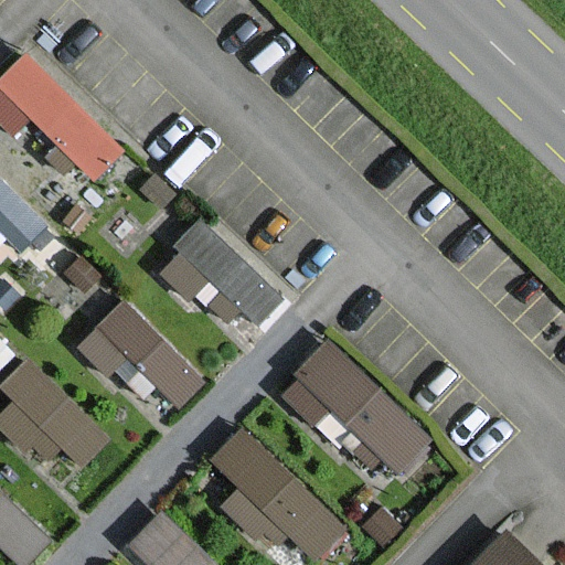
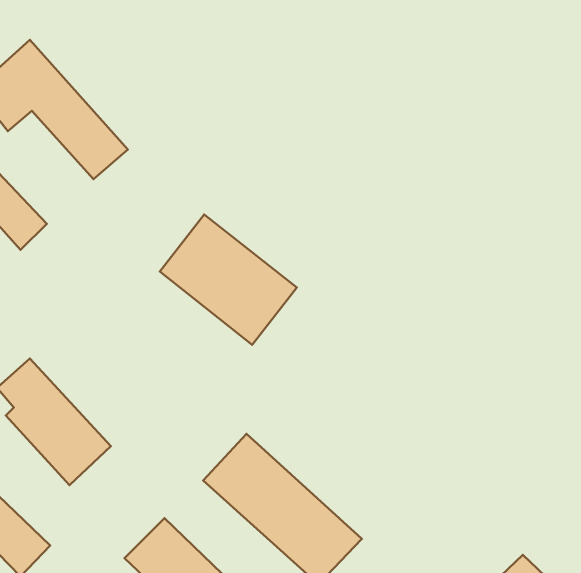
building: [77,297,209,426] -> none
building: [276,338,437,494] -> none

